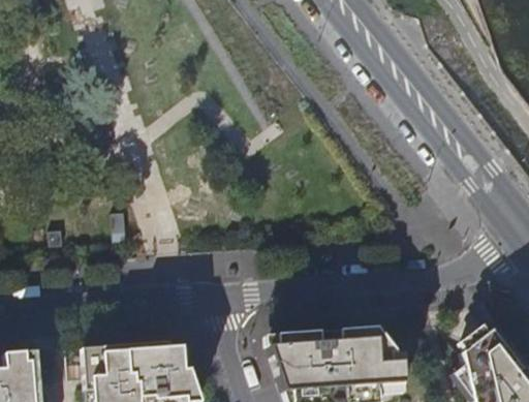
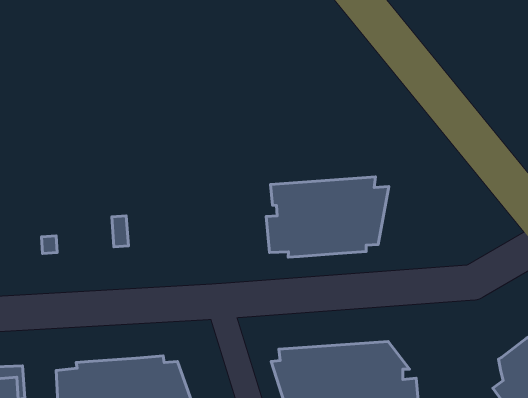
building: none -> [266,177,389,257]

